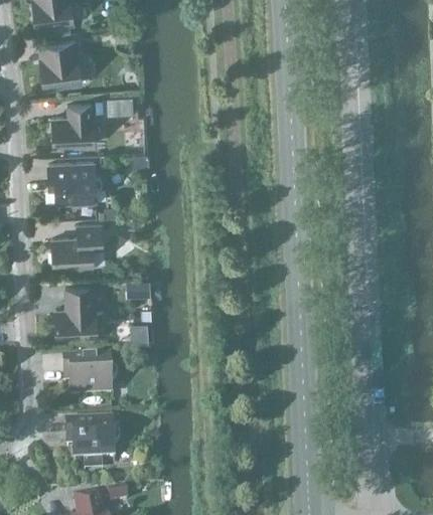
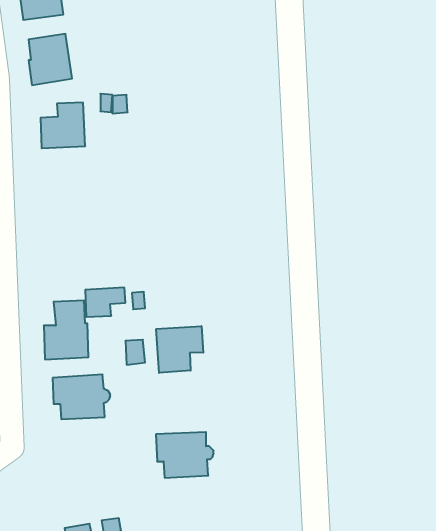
building: [48,163,102,203] -> none
building: [51,224,103,268] -> none
building: none -> [156,326,203,373]
building: [66,419,120,462] -> [156,432,214,478]

